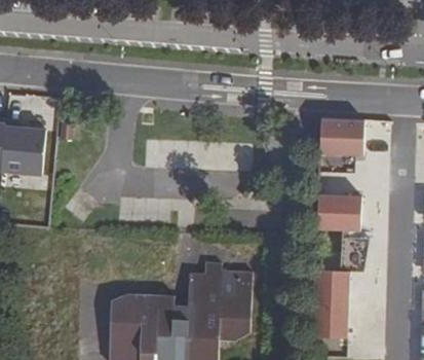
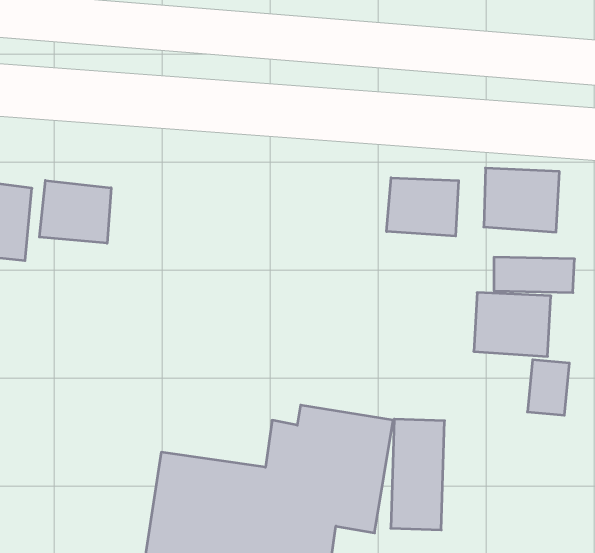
building: none -> [387,178,459,236]
building: none -> [39,180,111,243]
building: [316,272,349,339] -> [391,419,445,530]

